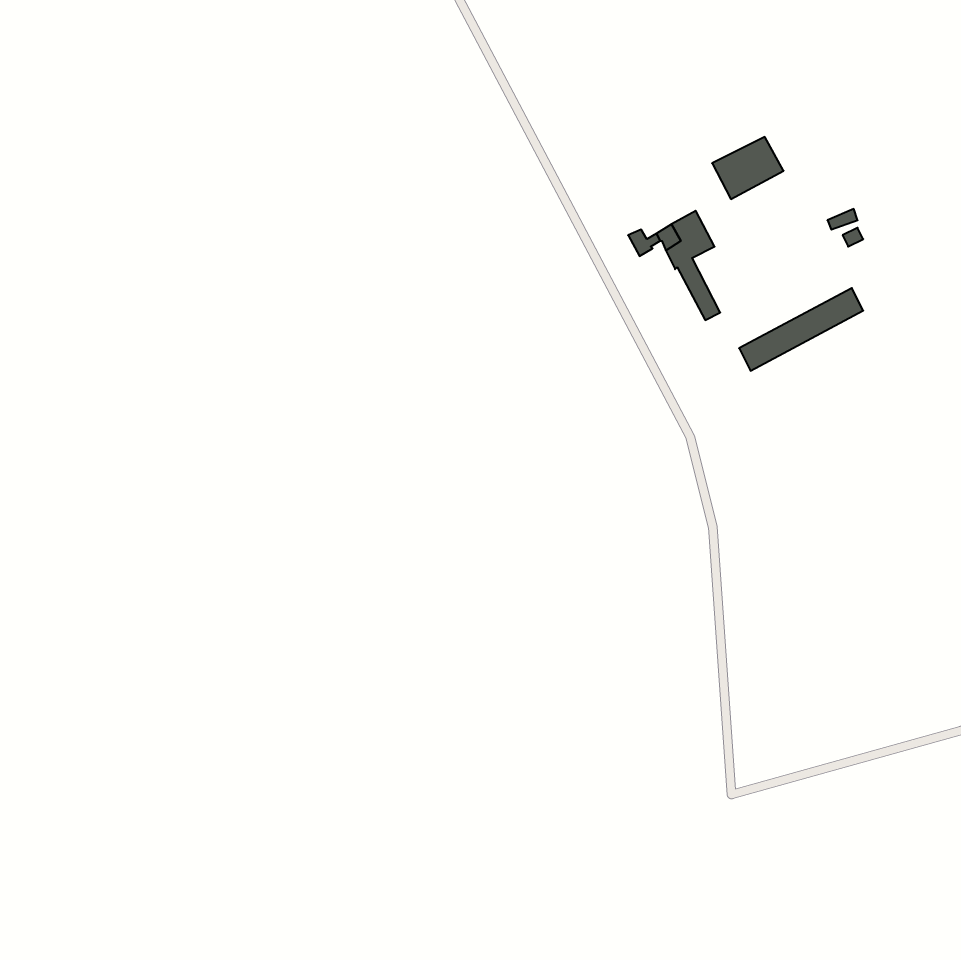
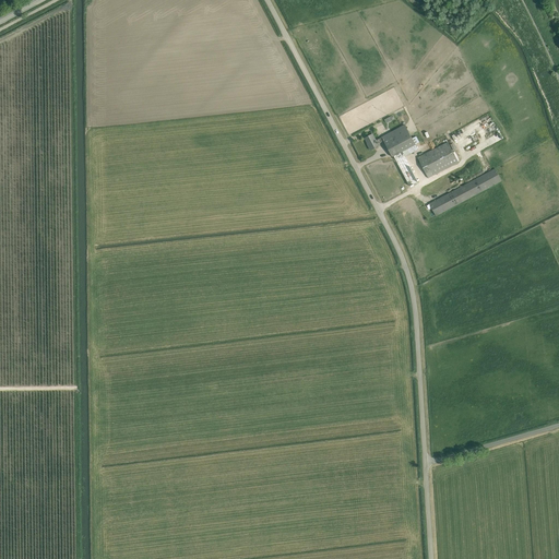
building: [712,137,784,199] -> [417,141,459,177]

